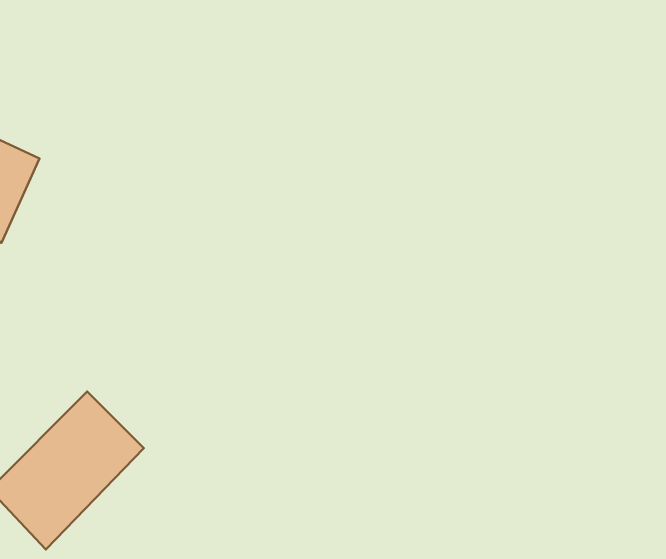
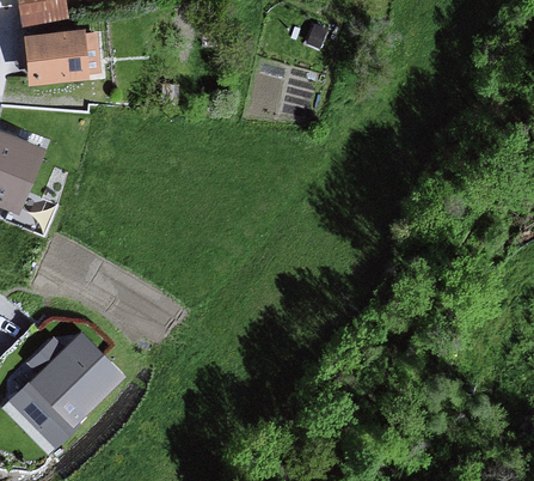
building: none -> [27,30,90,84]

